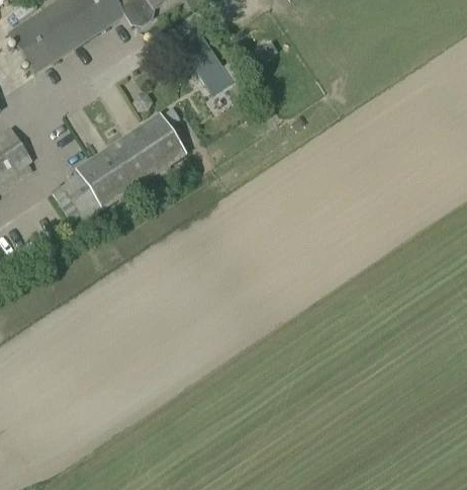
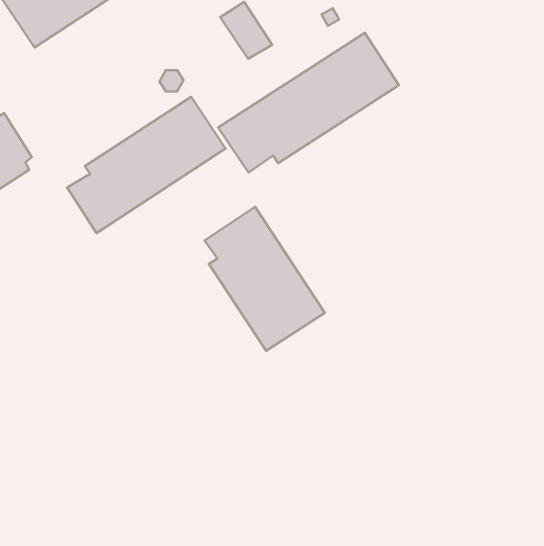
building: none -> [218,33,399,173]
building: none -> [205,207,325,351]

